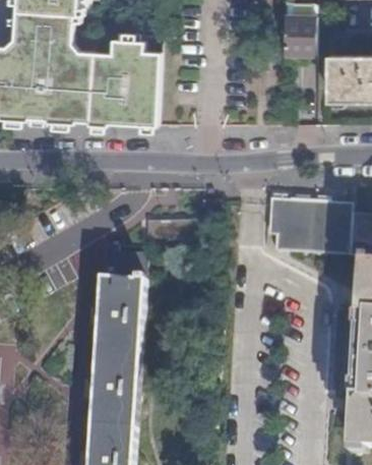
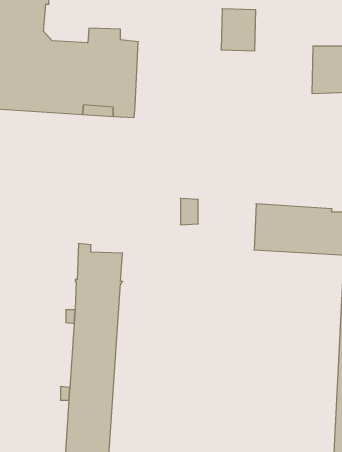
building: [283,12,316,53] -> [221,9,256,51]

